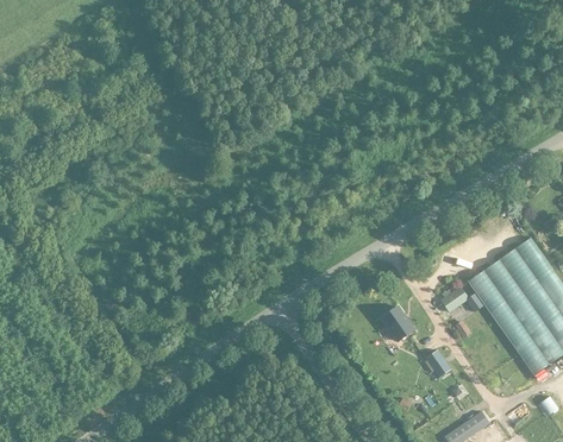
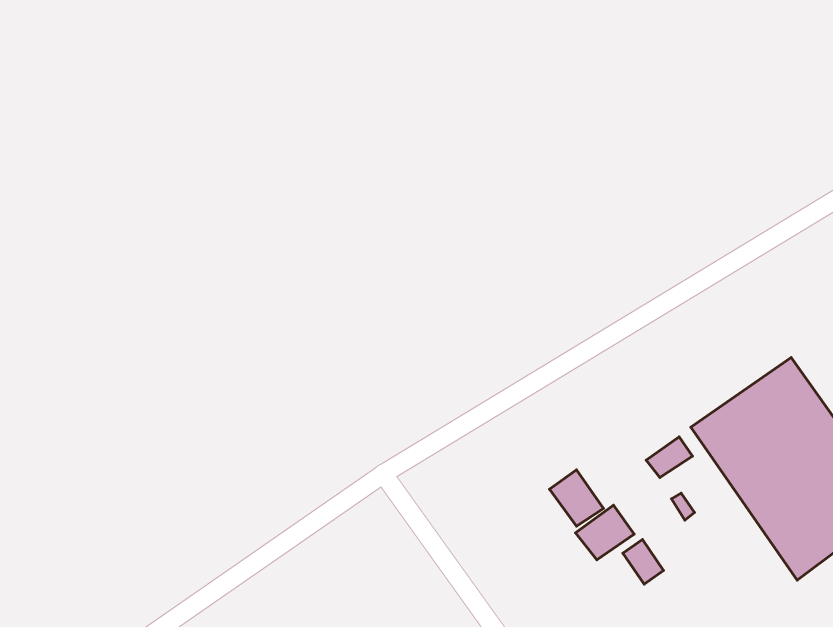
building: none -> [576,505,634,560]

